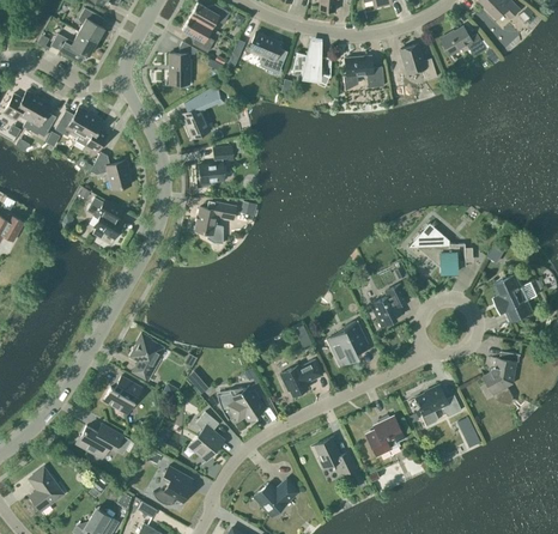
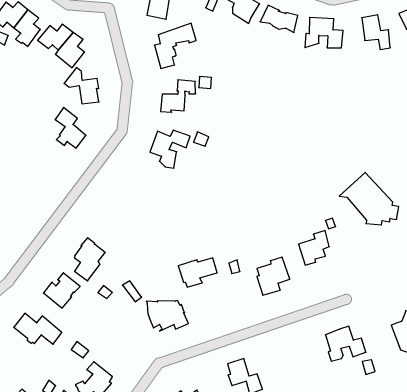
building: [279,360,322,396] -> [178,258,217,287]
building: [184,412,223,466] -> none
building: [368,415,404,456] -> none

